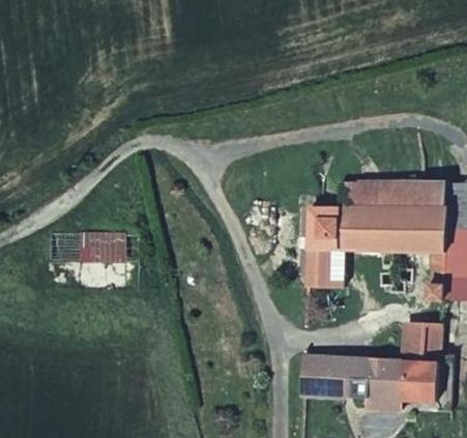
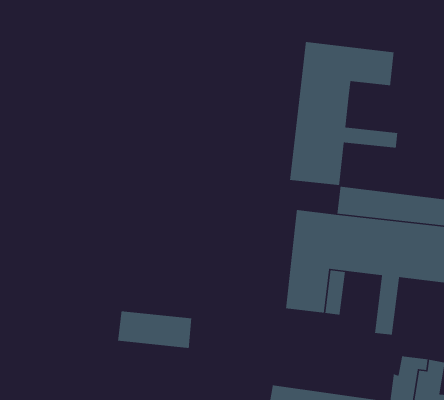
building: none -> [289,41,398,186]
building: [75,235,136,262] -> [117,310,192,349]

